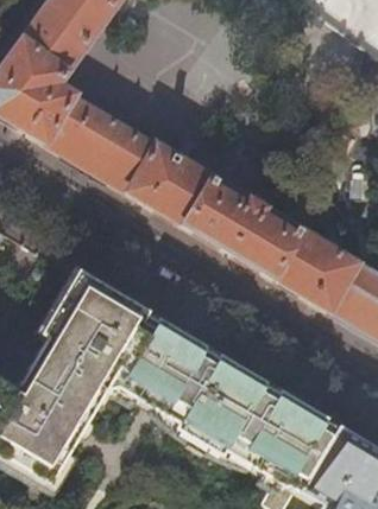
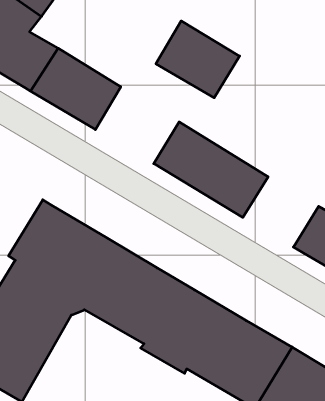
building: [128,145,219,228] -> [156,21,240,98]
building: [288,242,370,318] -> none

